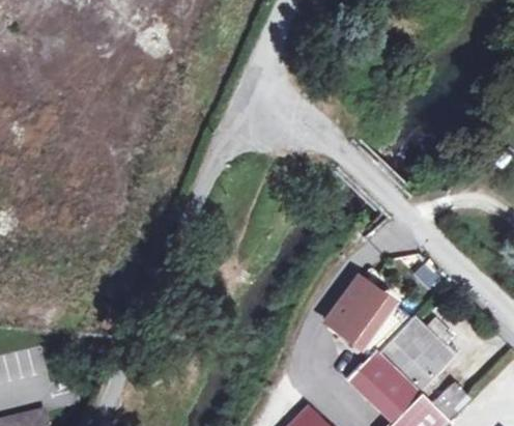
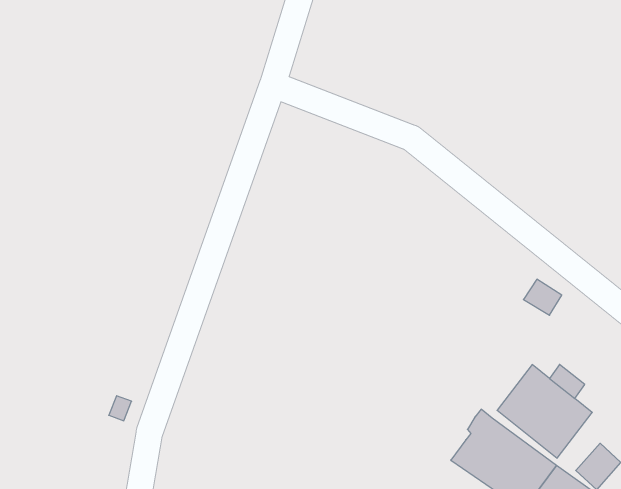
building: [329,278,412,356] -> none

